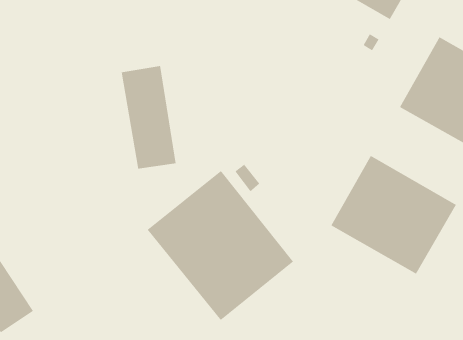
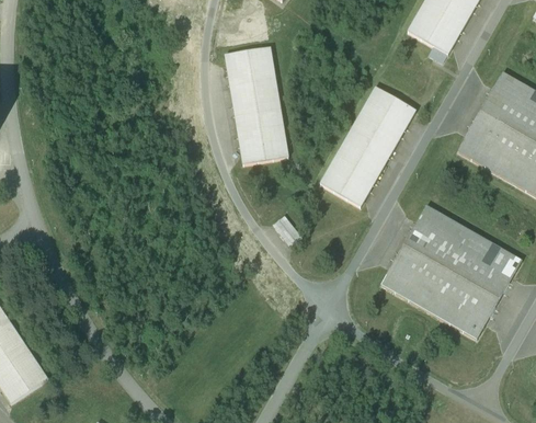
building: none -> [320,88,414,206]
building: [121,65,177,169] -> [225,47,287,163]
building: [147,170,294,321] -> none

